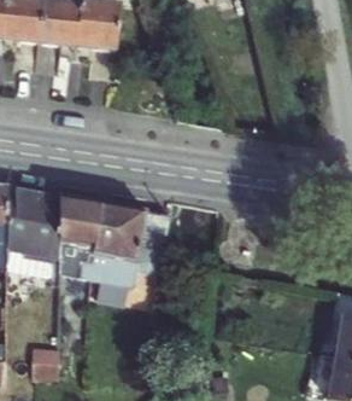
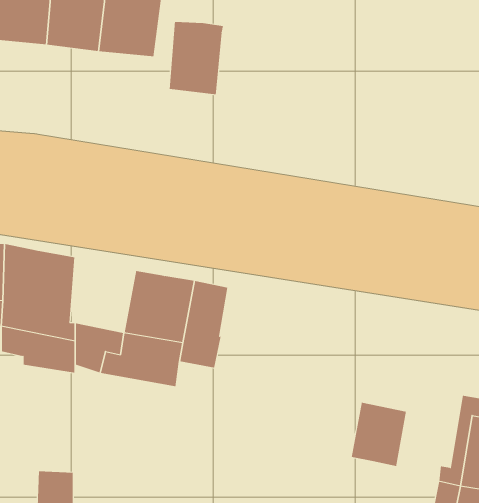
building: none -> [169,21,223,95]
building: [55,194,102,249] -> none
building: none -> [351,402,407,467]

